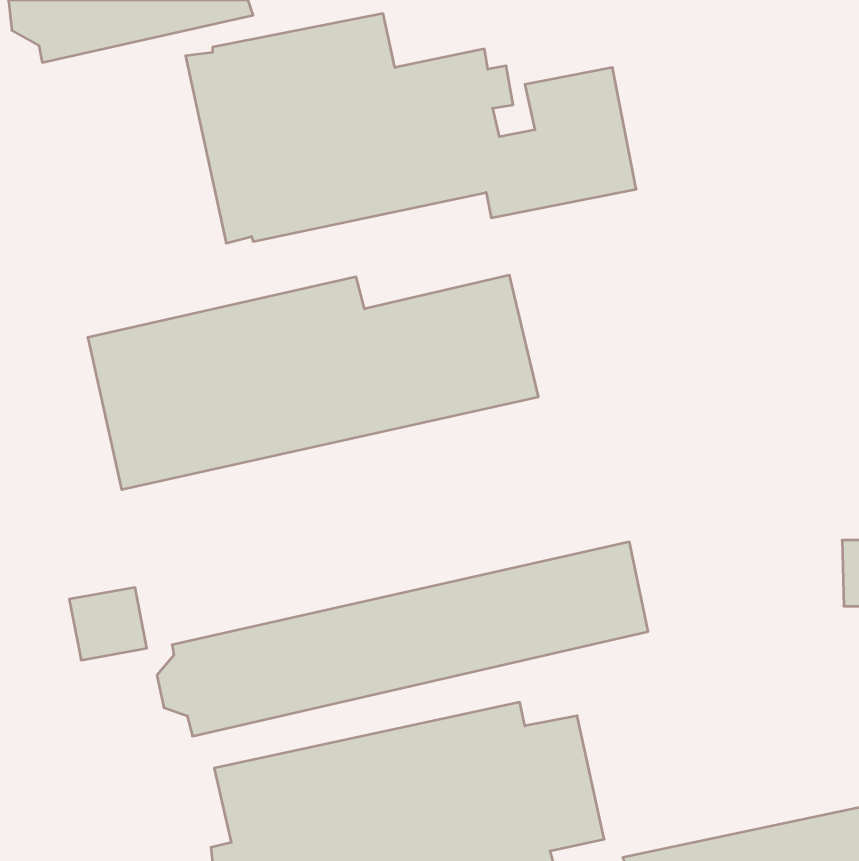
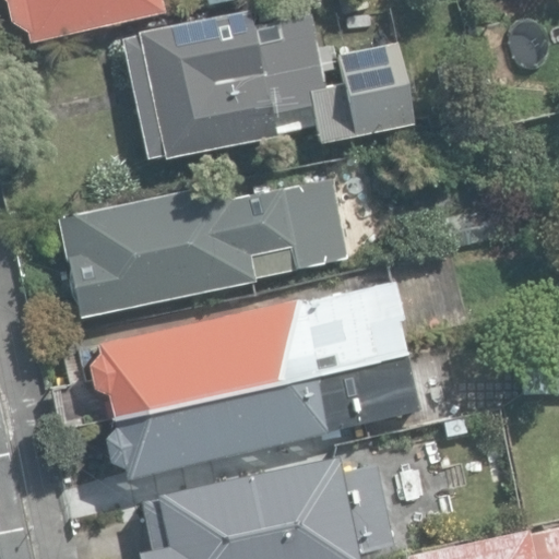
building: none -> [88,284,409,418]

